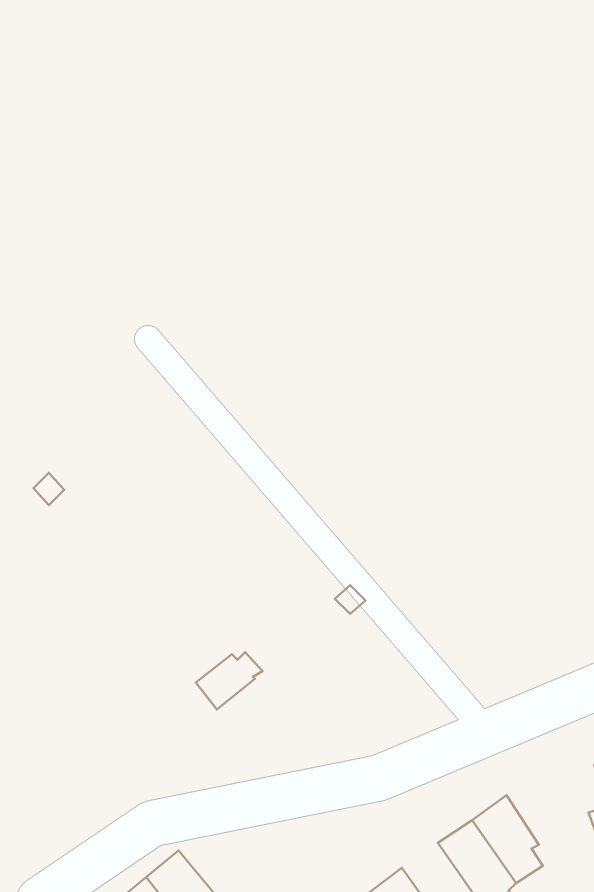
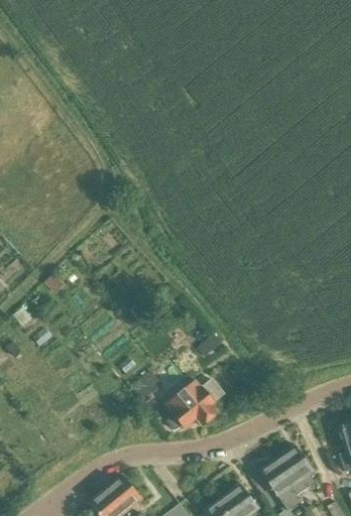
building: none -> [166,379,224,429]

